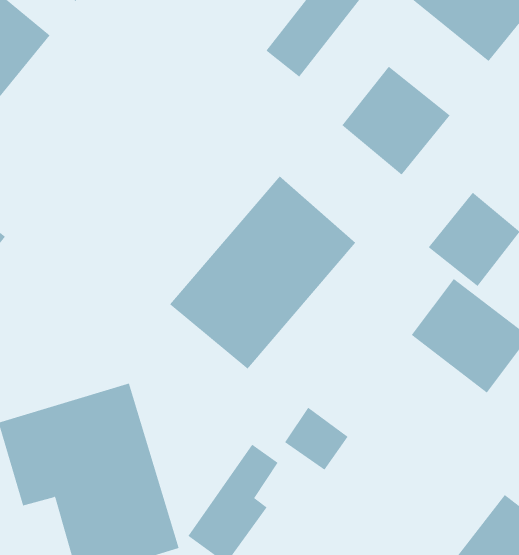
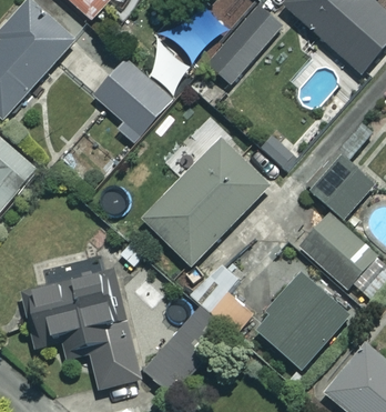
building: none -> [95,60,171,133]
building: [342,66,450,175] -> none
building: none -> [256,274,349,369]

